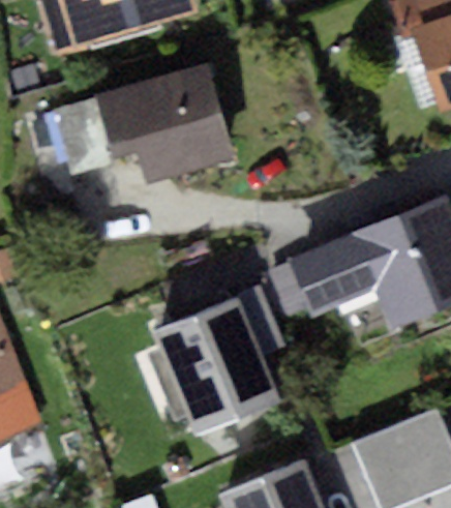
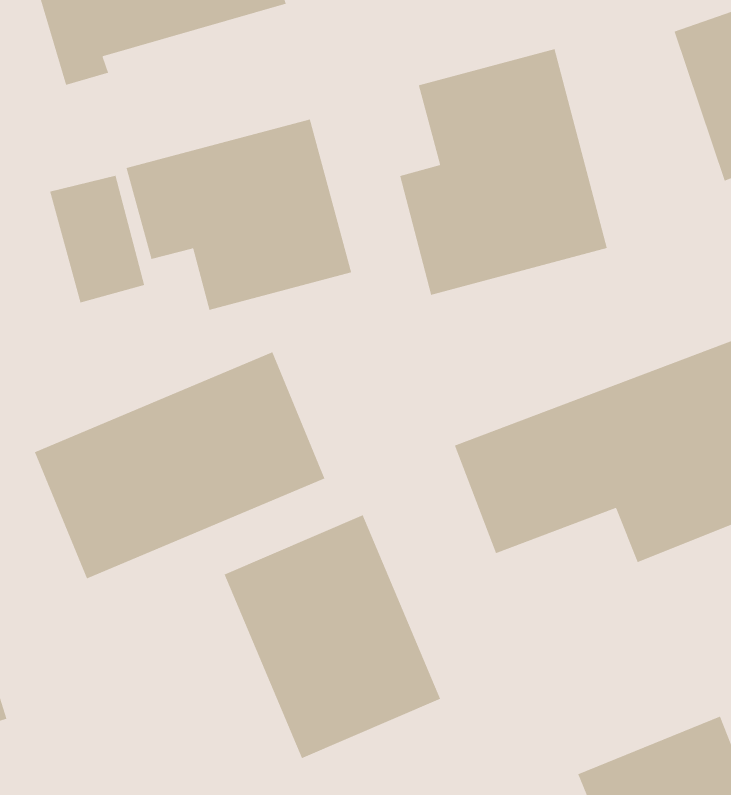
building: none -> [399,48,608,296]
building: none -> [34,351,325,580]

